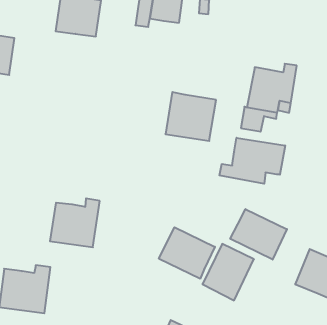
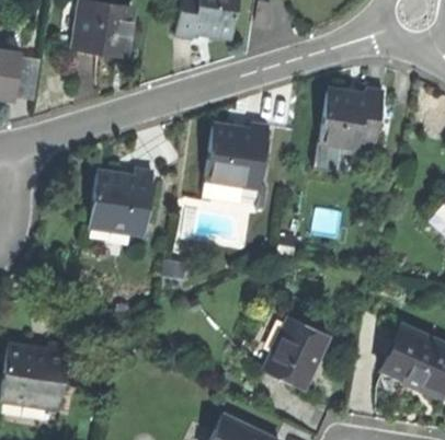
building: [219,138,285,184] -> none
building: [50,198,100,247] -> [91,171,155,233]
building: [230,209,287,260] -> none
building: [159,227,215,279] -> none

